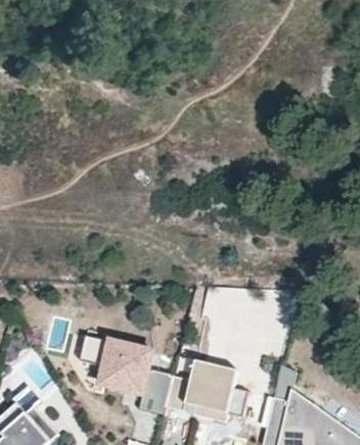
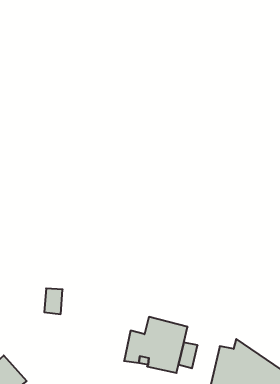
building: [106,346,171,411] -> none

